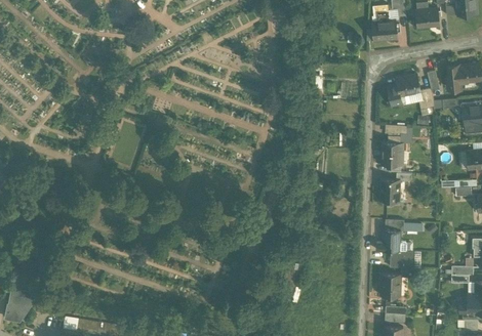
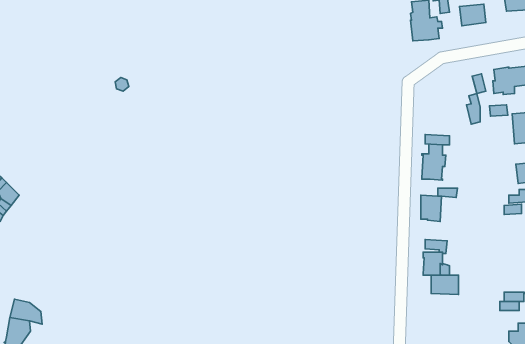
building: [388,76,420,107] -> none
building: [381,275,401,297] -> none

